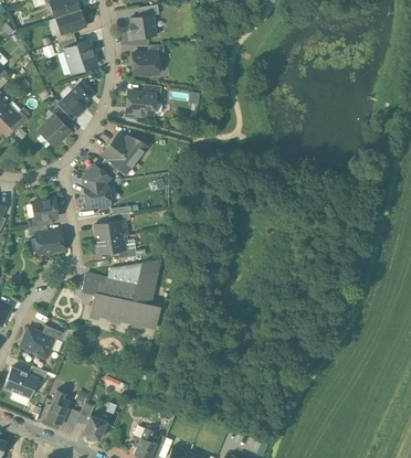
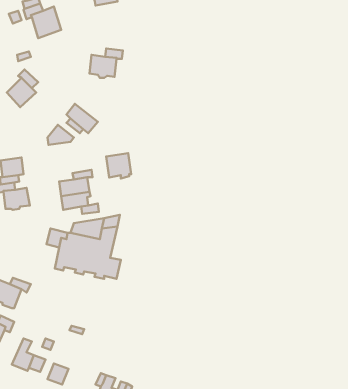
building: [133,52,161,76] -> none
building: [62,84,91,115] -> none
building: [110,134,147,161] -> none
building: [83,182,109,209] -> [106,153,131,178]

